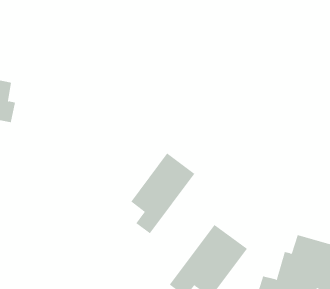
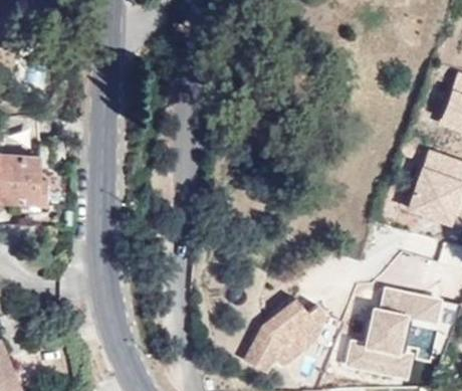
building: [131,153,195,234] -> none

